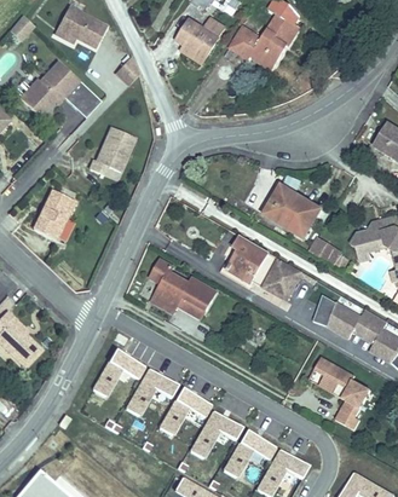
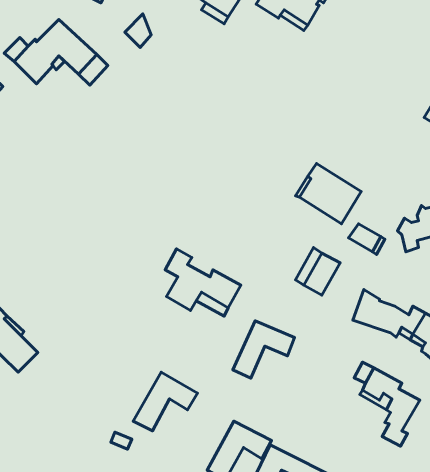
building: [90,127,135,175] -> none
building: [34,190,75,241] -> none
building: [227,236,269,283] -> none
building: [92,348,146,398] -> none
building: [158,387,212,437] -> [233,321,294,378]

